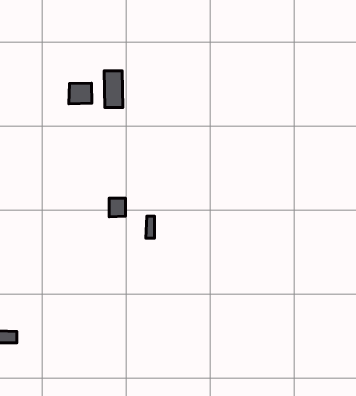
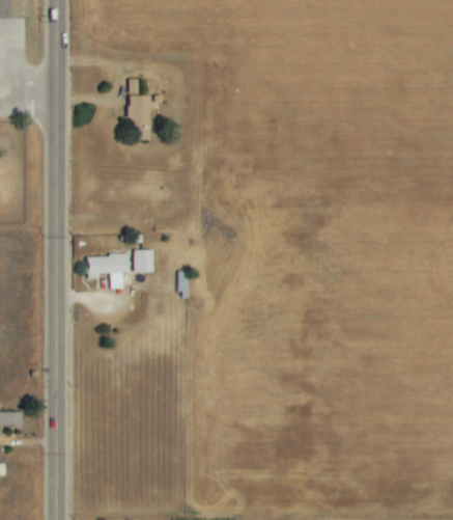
building: [69,83,92,104] -> none
building: none -> [86,255,128,288]

